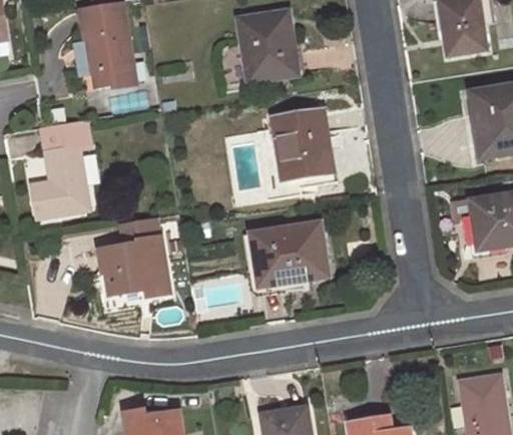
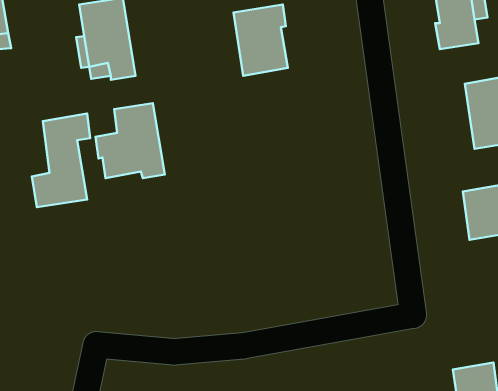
building: [273,110,333,178] -> none
building: [100,219,170,295] -> [96,103,165,178]
building: [249,224,328,286] -> none

